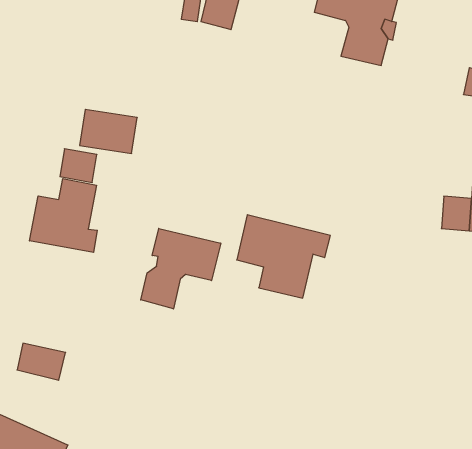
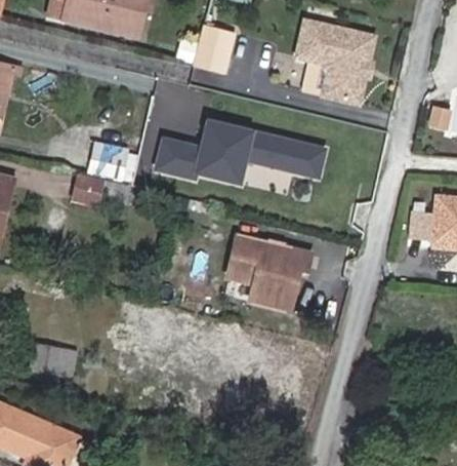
building: none -> [156,118,329,184]
building: [30,179,97,252] -> none
building: [141,228,221,309] -> none

